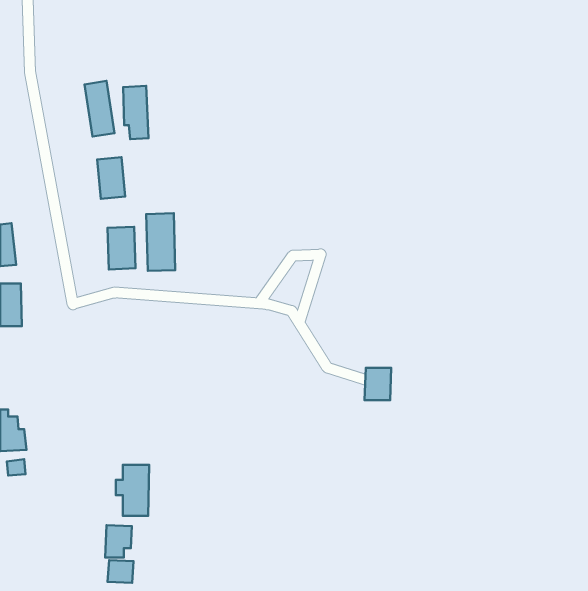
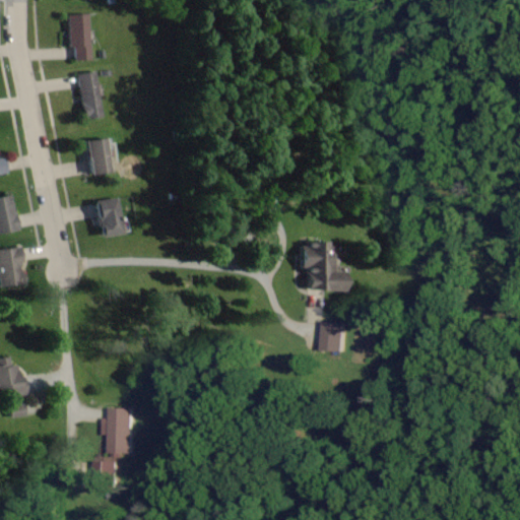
building: [123,86,149,139] -> [69,14,91,61]
building: [146,213,175,271] -> none
building: none -> [301,243,346,291]
building: [108,560,134,583] -> none

